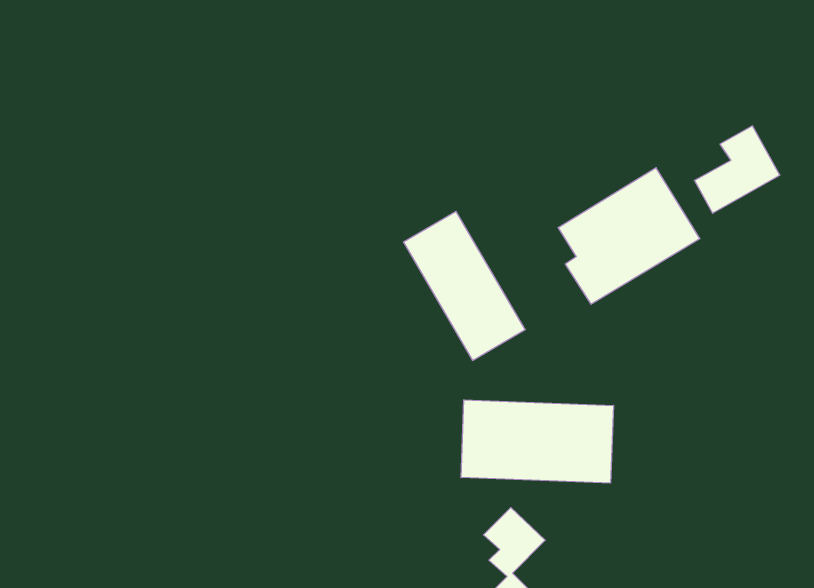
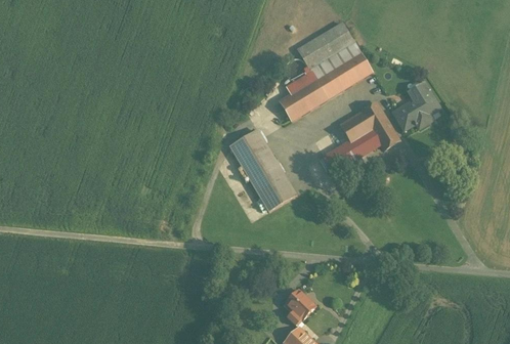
building: none -> [280,18,376,120]
building: [461,400,614,483] -> none

